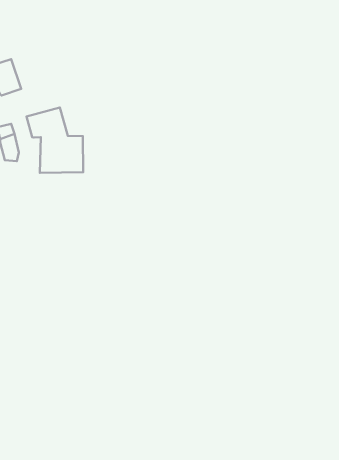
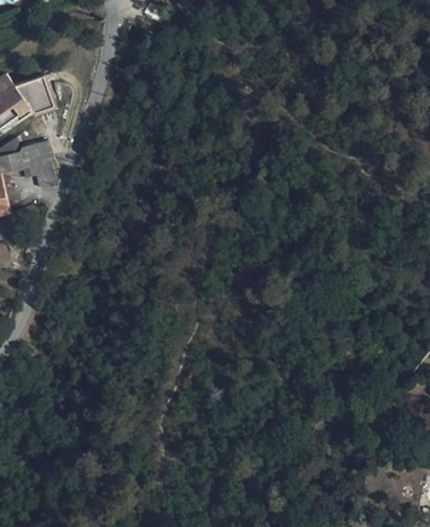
building: [26,108,83,173] -> none

